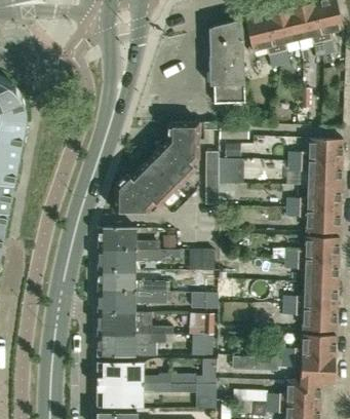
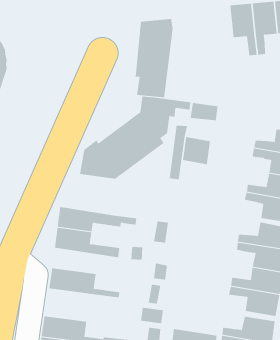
building: [208,22,244,105] -> [135,19,173,98]
building: [99,228,155,250] -> none
building: [99,292,166,312] -> none
building: [99,334,163,355] -> none

